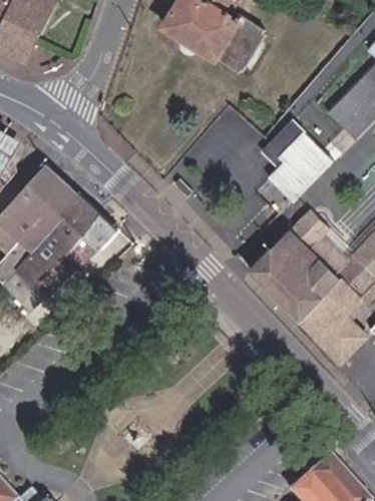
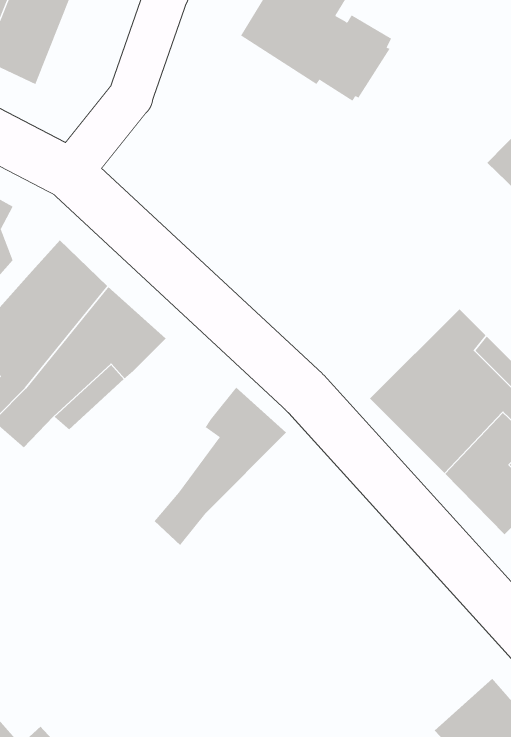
building: [265,121,333,200] -> none
building: none -> [154,387,287,546]

